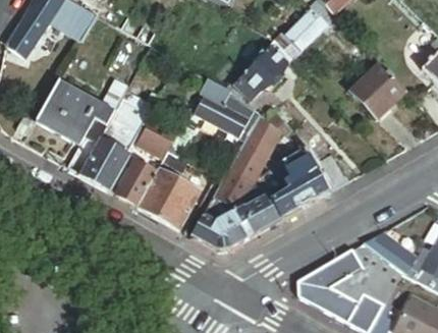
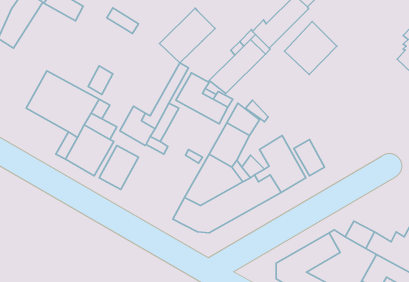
building: none -> [160,8,215,63]
building: [350,64,404,119] -> [285,22,337,75]
building: [138,168,201,229] -> none

